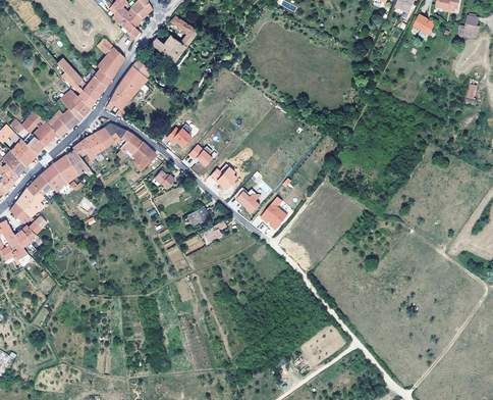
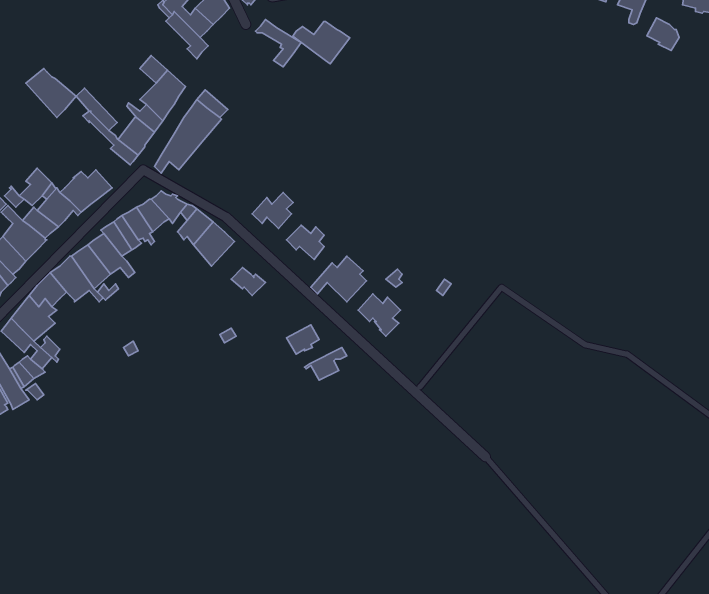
building: [151,35,186,61] -> [293,21,350,64]
building: [60,90,92,120] -> [26,69,76,118]
building: [261,197,285,230] -> none

